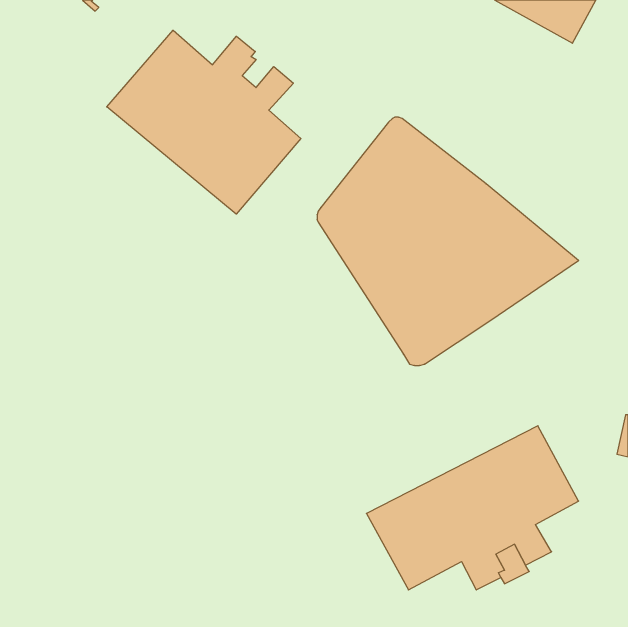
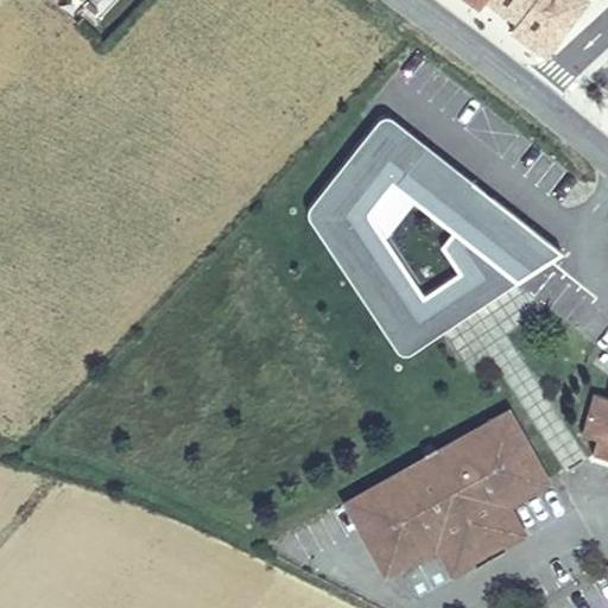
building: [107,30,301,214] -> none

